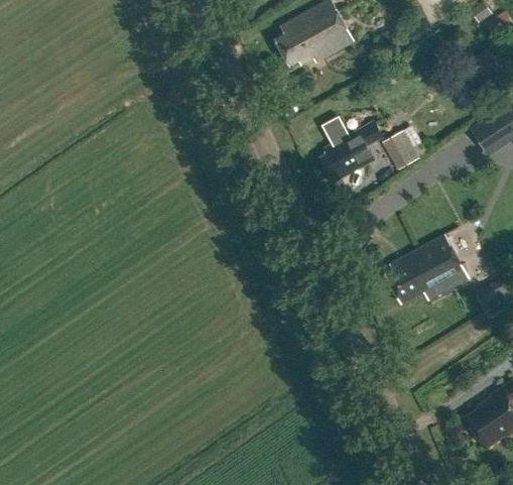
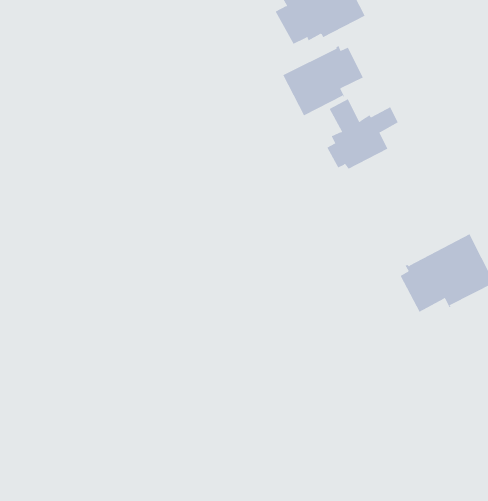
building: none -> [283,45,363,116]
building: [386,130,418,167] -> none

